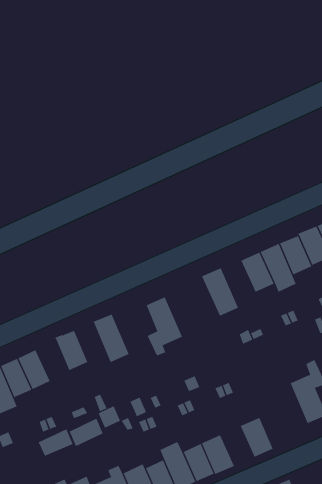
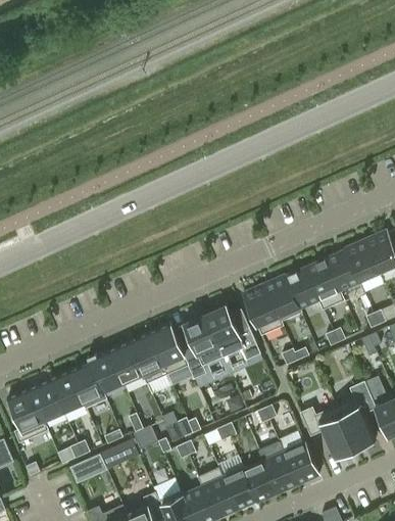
building: none -> [263,275,300,327]
building: none -> [204,305,260,360]
building: none -> [148,324,188,376]
building: none -> [108,341,142,384]
building: none -> [67,362,105,410]
building: none -> [300,407,354,459]
building: none -> [258,442,298,494]

